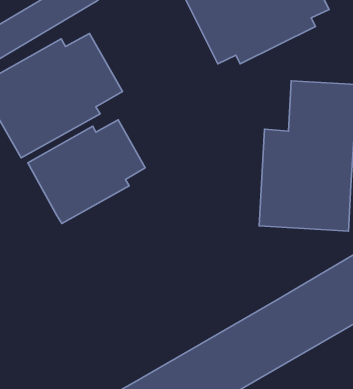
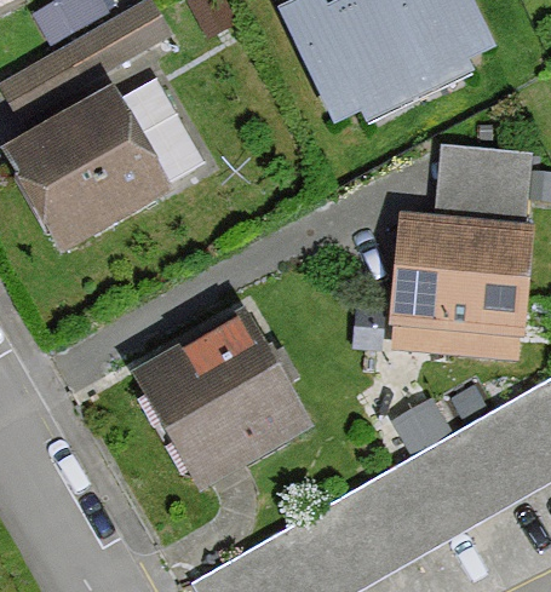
building: [28,120,145,224] -> none
building: none -> [134,310,311,490]

